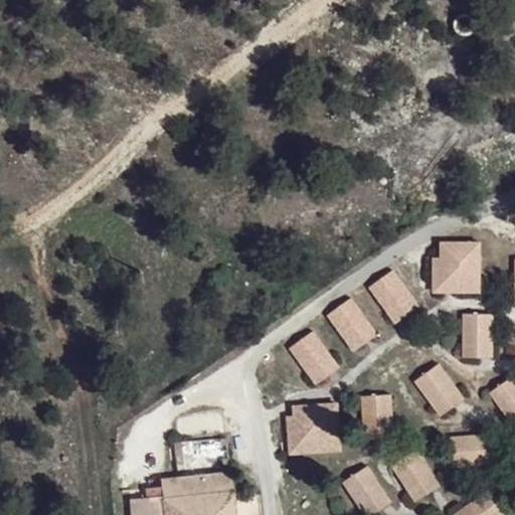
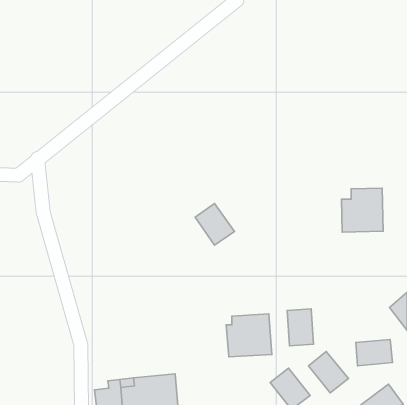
building: [369,273,418,325] -> none
building: [328,299,377,351] -> none
building: [459,311,492,357] -> none
building: [288,333,337,385] -> [195,204,234,245]
building: [415,366,466,418] -> none

